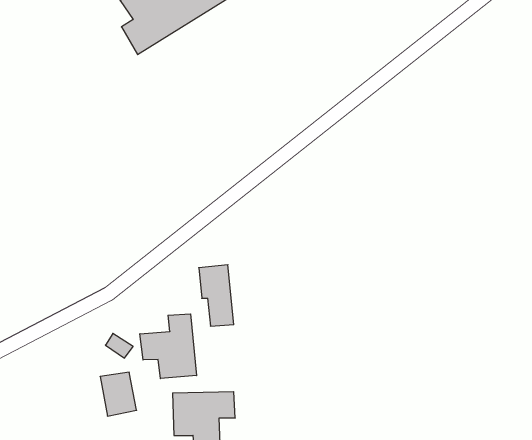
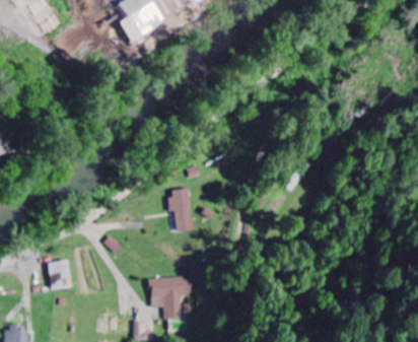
building: [140,314,197,379] -> none
building: [100,372,137,416] -> [47,259,72,289]

